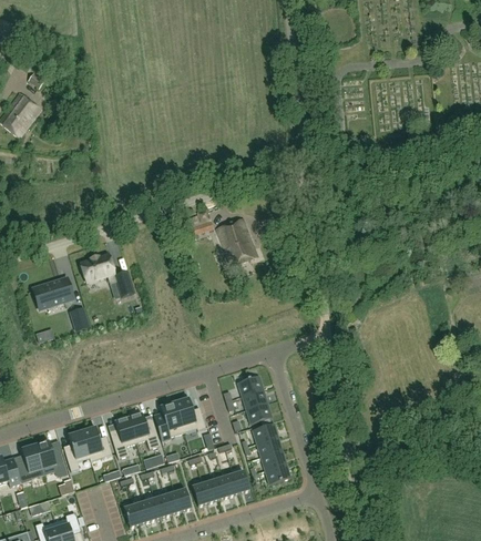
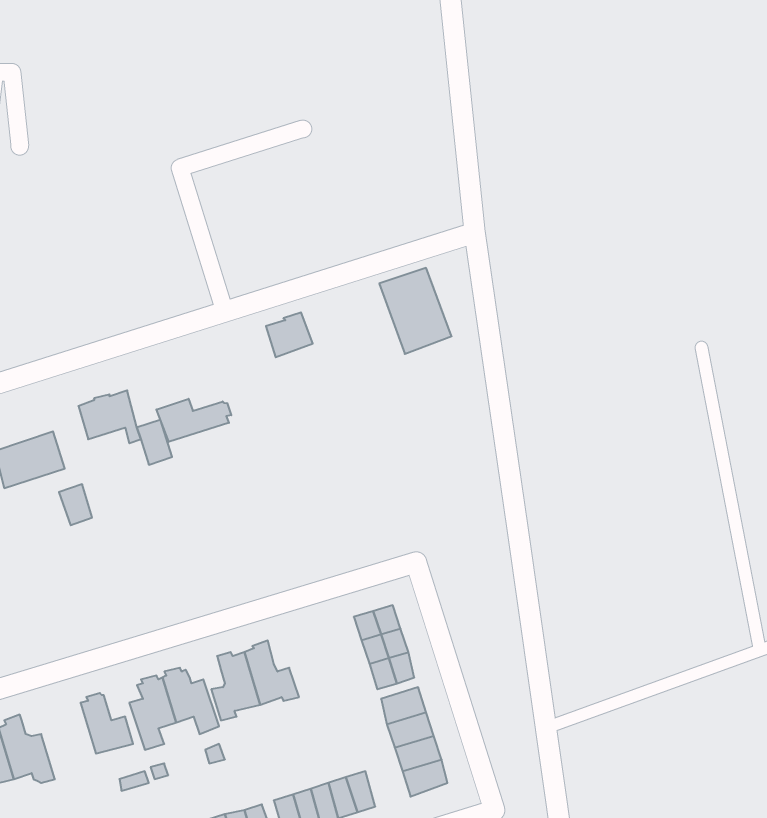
building: [217,217,258,266] -> [379,268,452,354]
building: none -> [156,399,231,442]
building: [64,429,91,470] -> none

